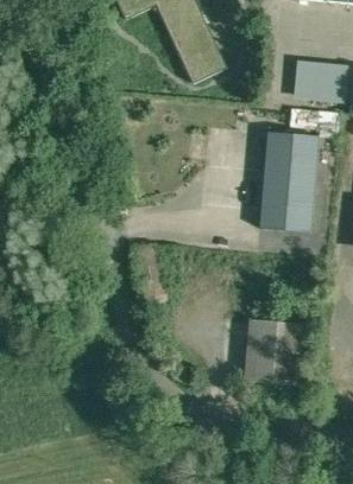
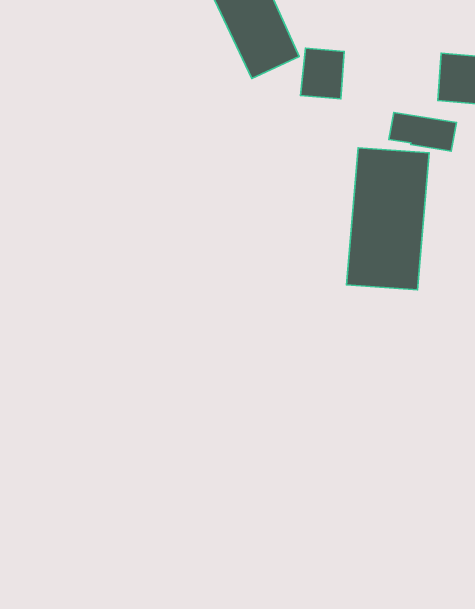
building: [295,63,326,98] -> [300,48,344,99]
building: [246,319,301,384] -> none

